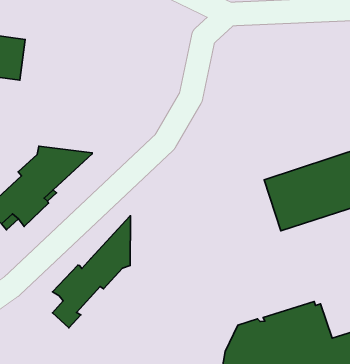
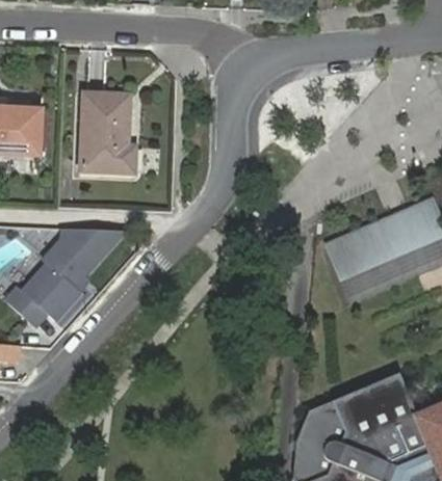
building: none -> [79,92,135,172]
building: [52,216,131,328] -> none

